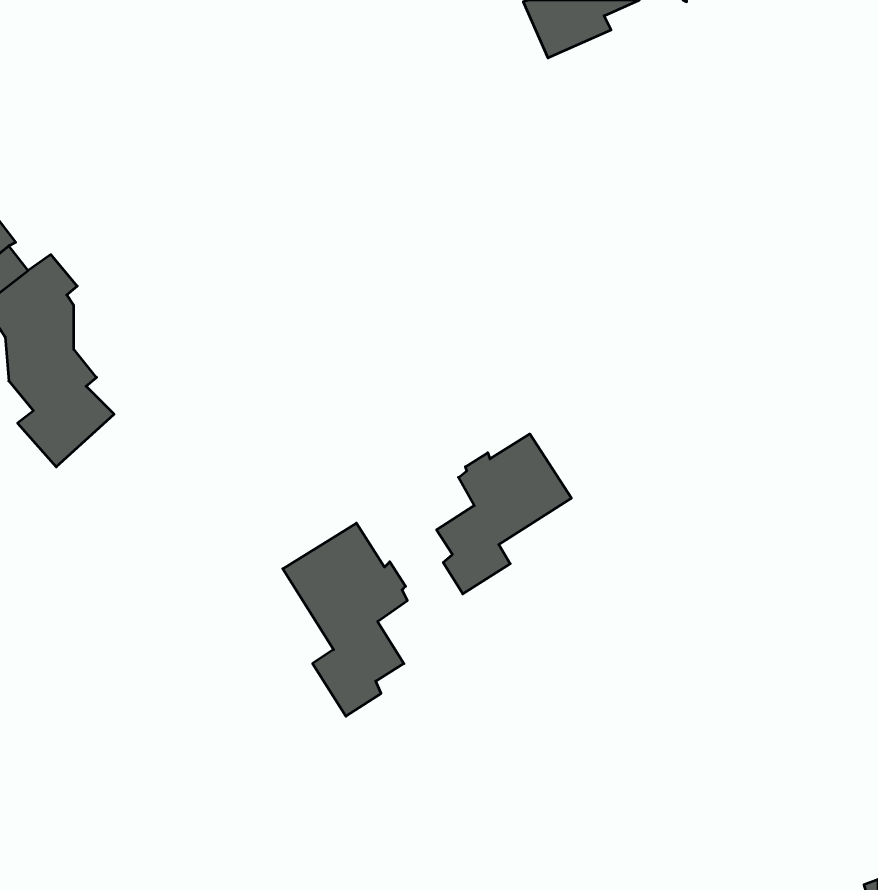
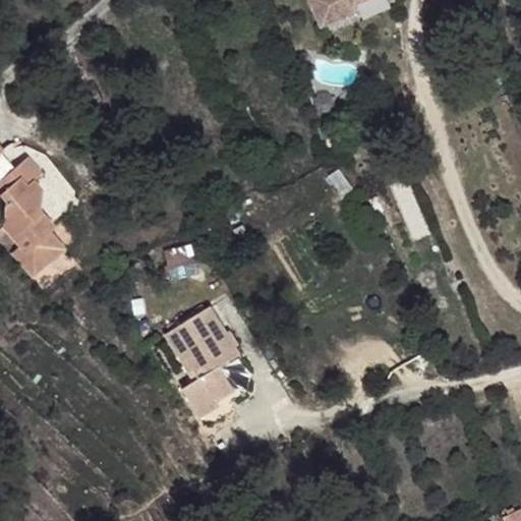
building: [437,434,571,594] -> none

